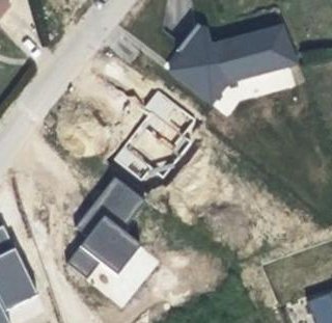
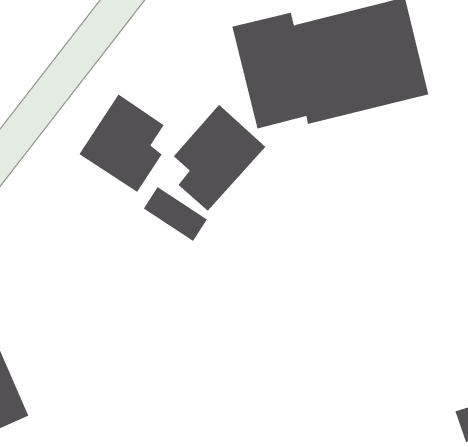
building: none -> [79,93,165,193]
building: [66,176,161,308] -> none

